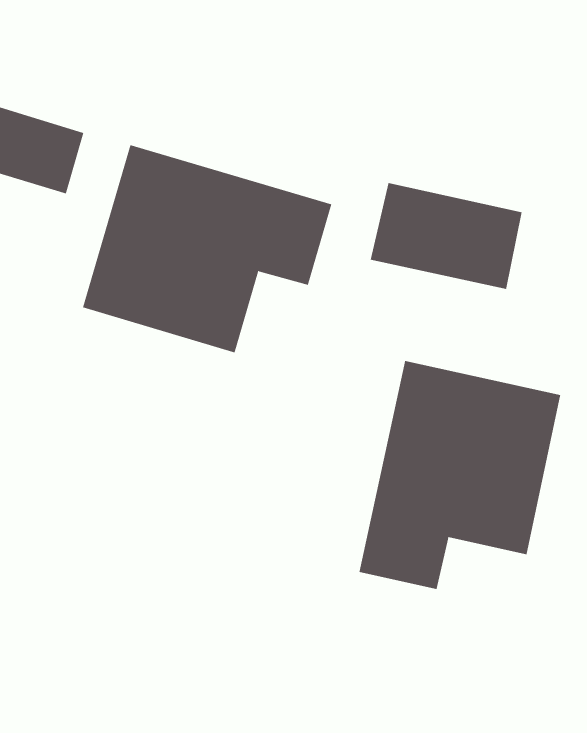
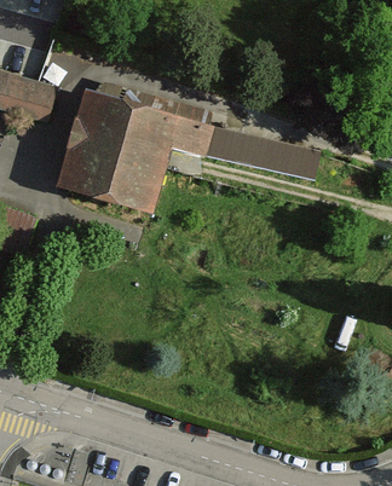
building: [359,360,561,590] -> none

